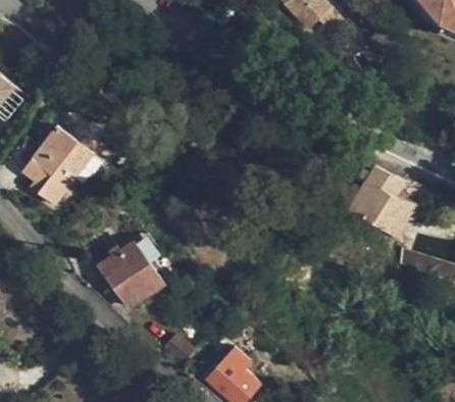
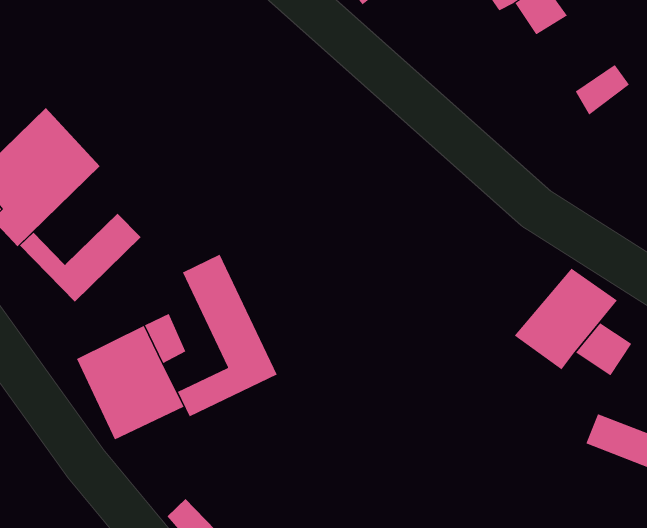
building: none -> [19,213,142,302]
building: none -> [177,254,277,417]

